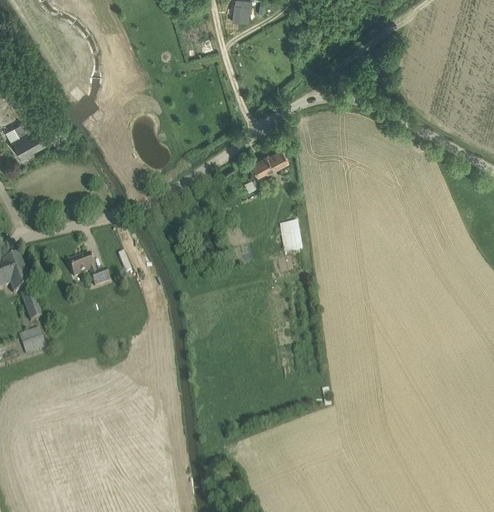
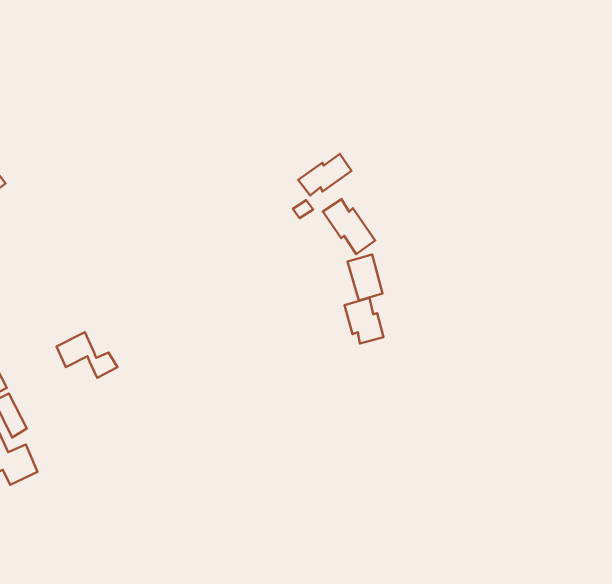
building: none -> [323,199,375,254]
building: none -> [344,298,384,343]

